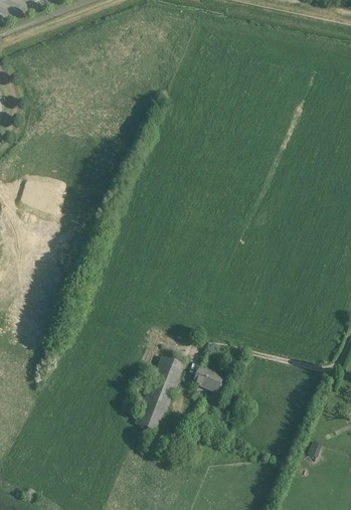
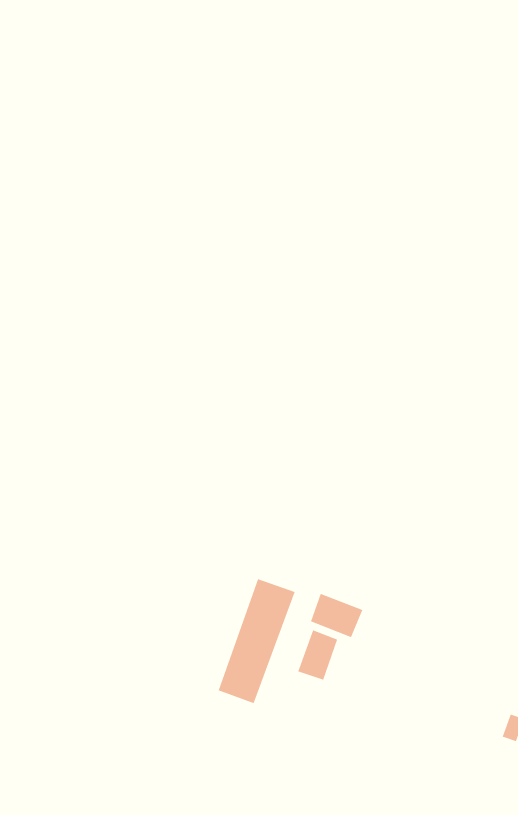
building: none -> [297,629,338,681]

